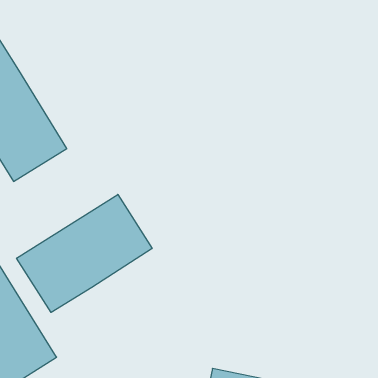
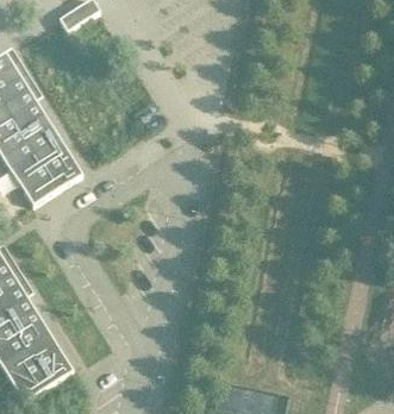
building: [17,194,152,312] -> none

